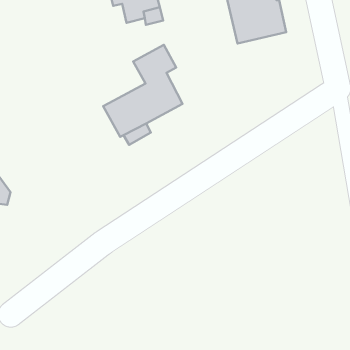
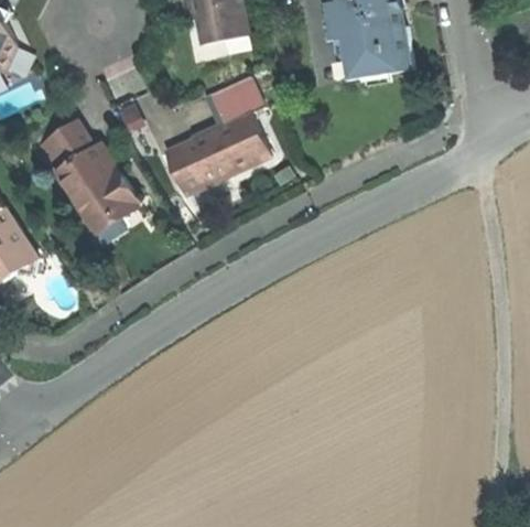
building: none -> [36,119,137,228]

